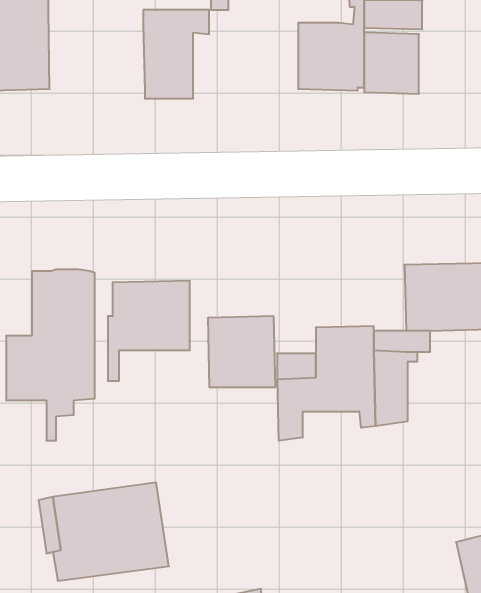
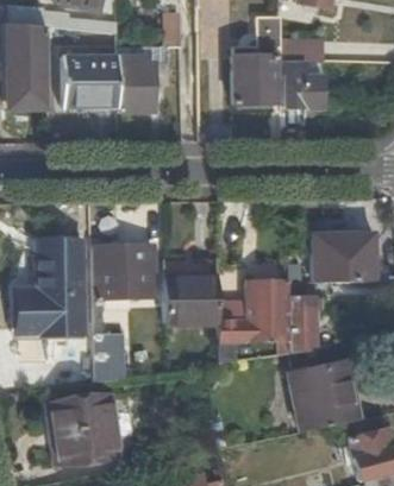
building: none -> [62,57,118,107]
building: none -> [90,330,125,381]
building: none -> [283,361,355,431]

